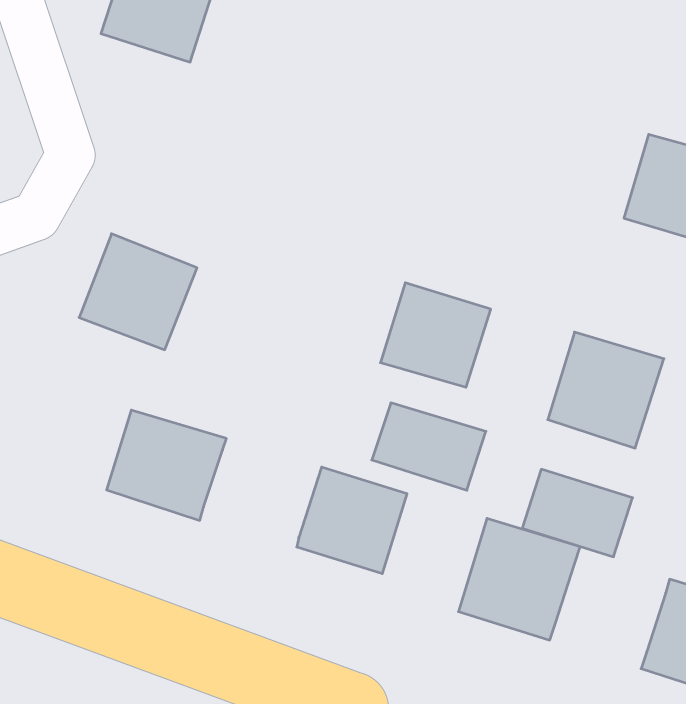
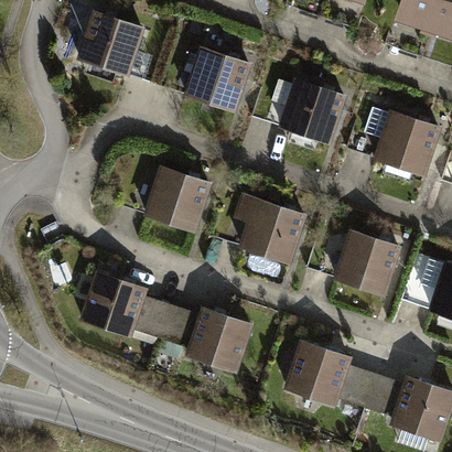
building: none -> [181,45,248,108]
building: none -> [279,78,345,142]
building: [79,234,197,350] -> [141,166,209,234]
building: [372,403,486,490] -> [133,298,200,348]
building: [522,469,633,557] -> [337,364,401,415]

